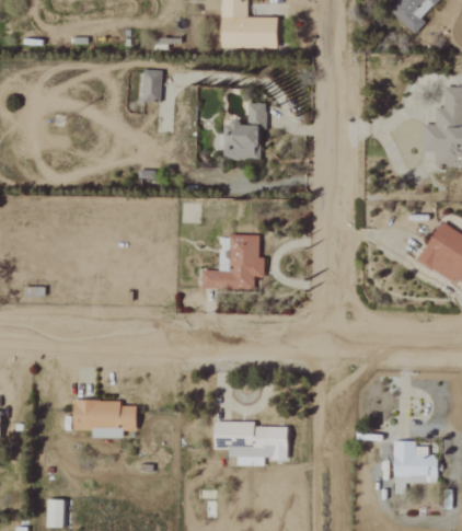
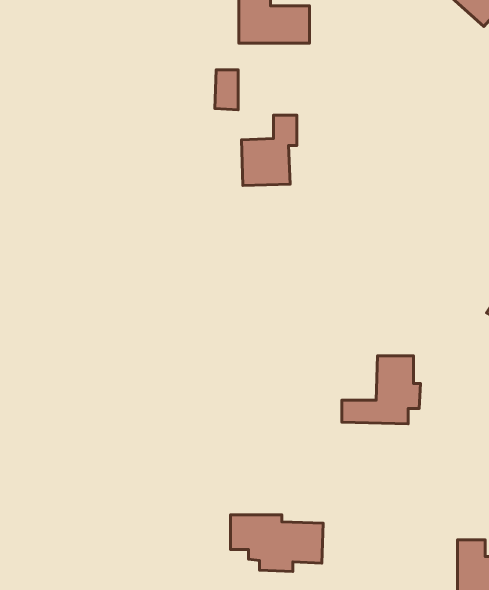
building: [143,70,162,102] -> [215,70,238,110]
building: [203,235,265,289] -> [342,356,421,424]
building: [73,400,137,437] -> none

